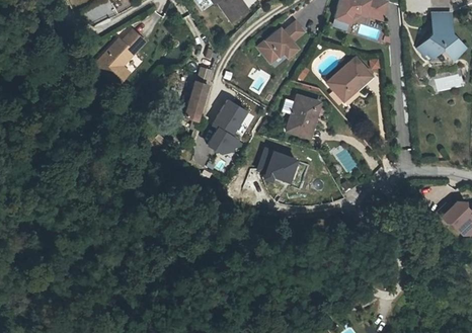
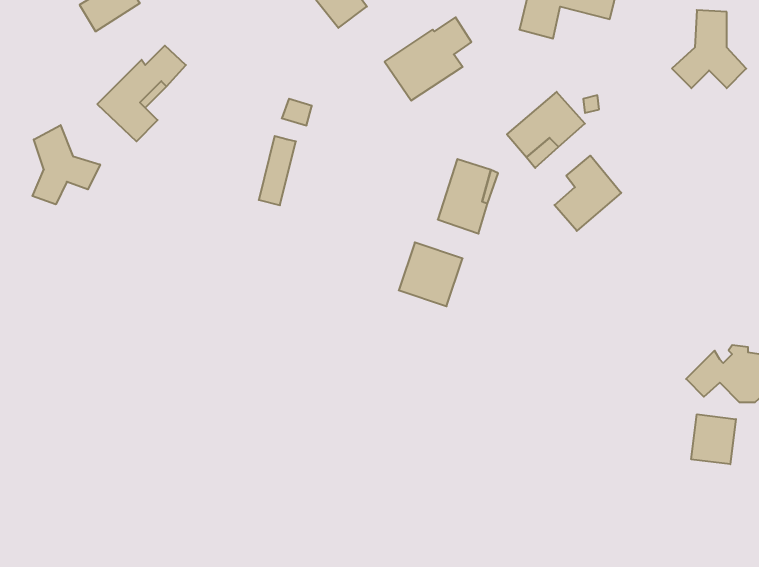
building: none -> [32,125,100,204]
building: [209,93,251,152] -> none
building: none -> [554,156,621,231]
building: none -> [691,414,736,464]

